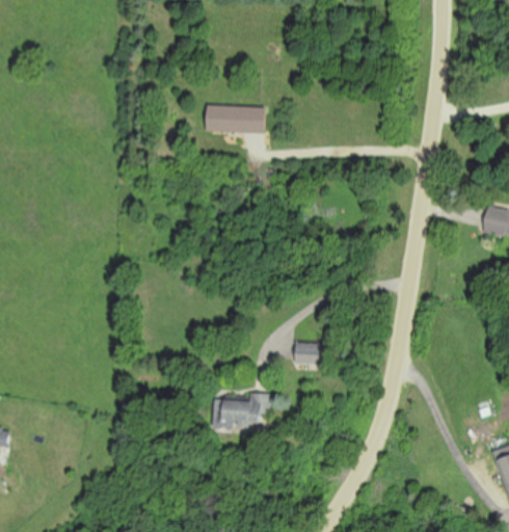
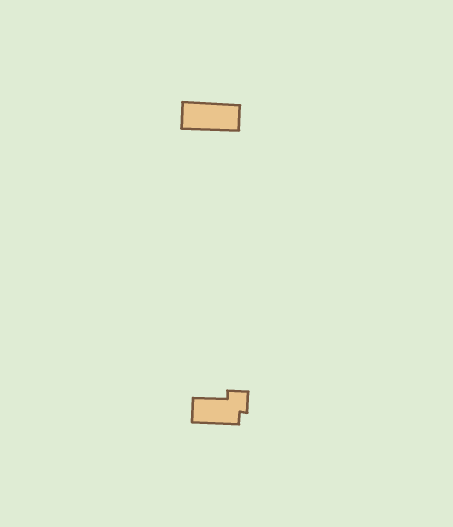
building: [294,343,320,362] -> none

